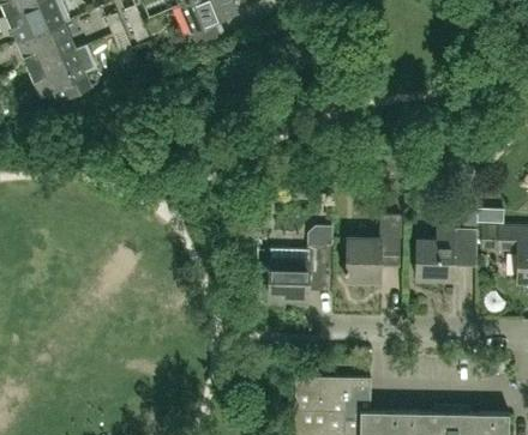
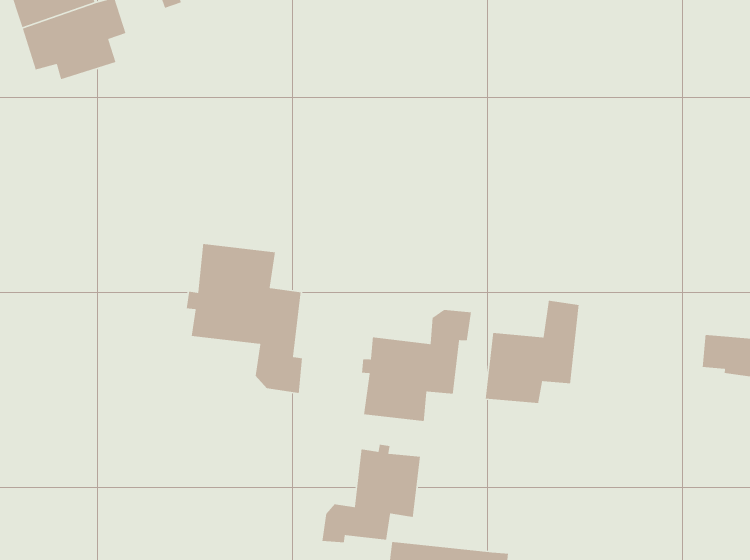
building: none -> [186,243,303,394]
building: [416,205,478,283] -> none
building: none -> [322,444,421,543]

